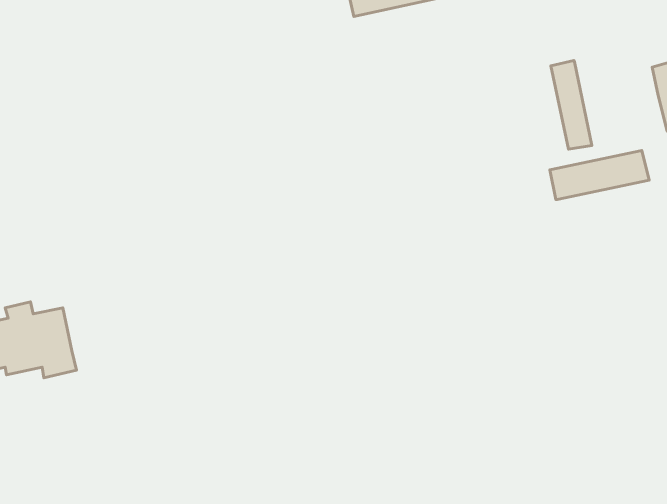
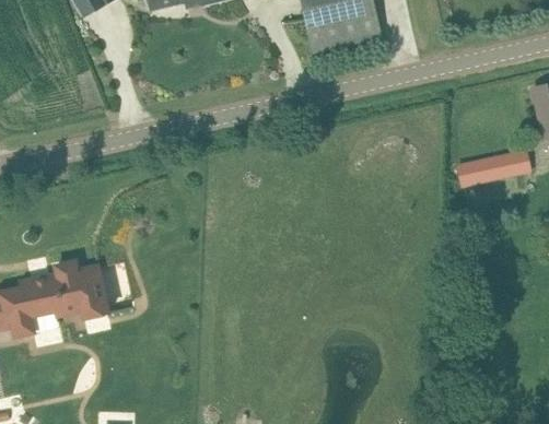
building: [551,61,592,149] -> none

